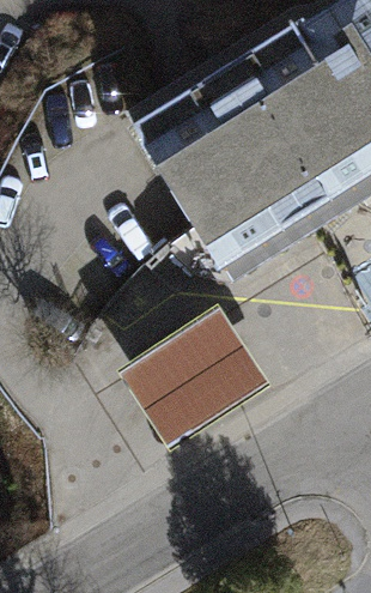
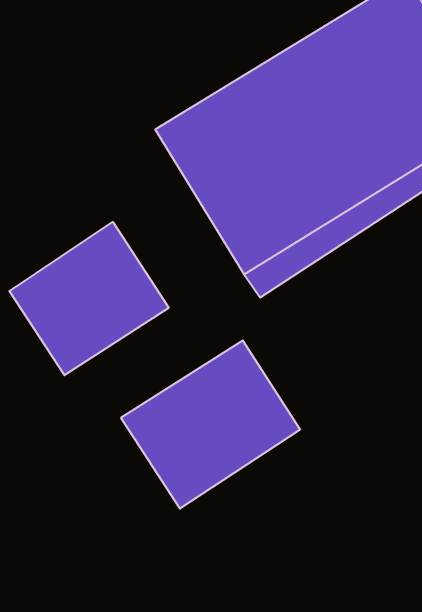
building: none -> [9,222,169,375]

